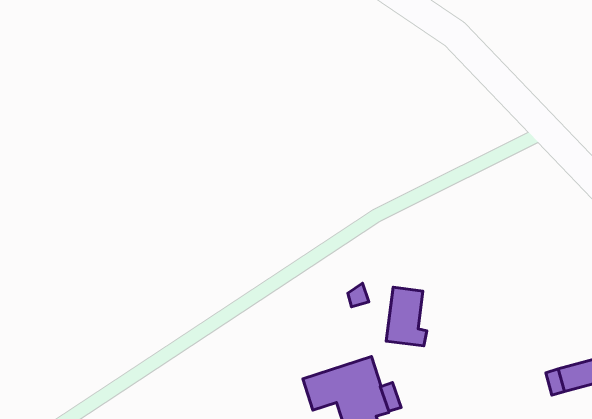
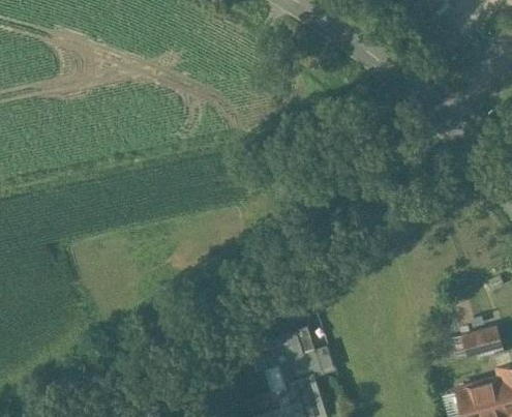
building: [386,287,427,346] -> none

